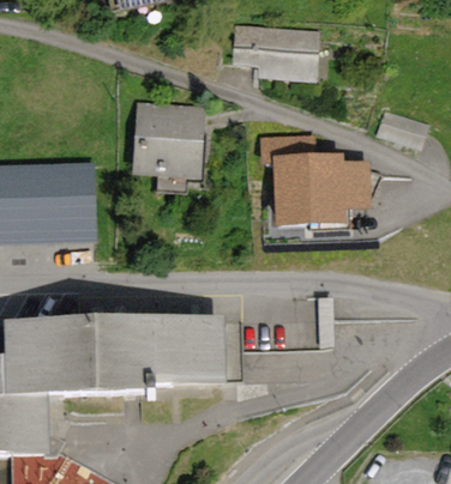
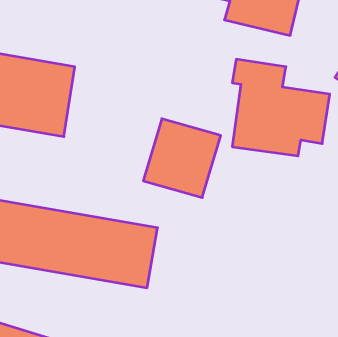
building: [127,96,203,174] -> [143,119,221,198]

